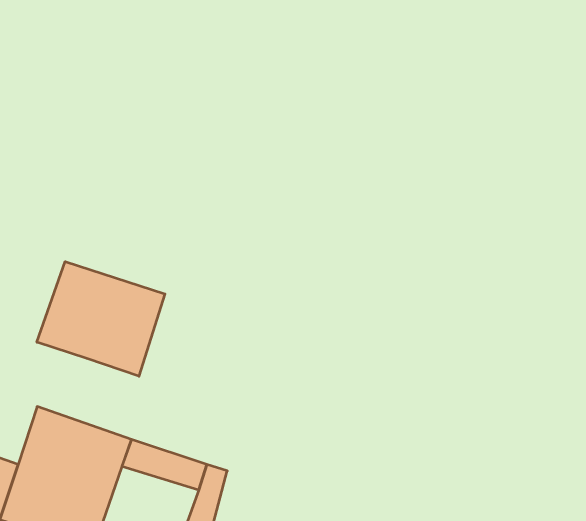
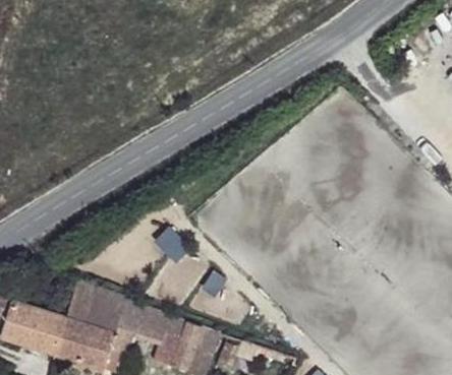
building: [37,262,165,376] -> none

